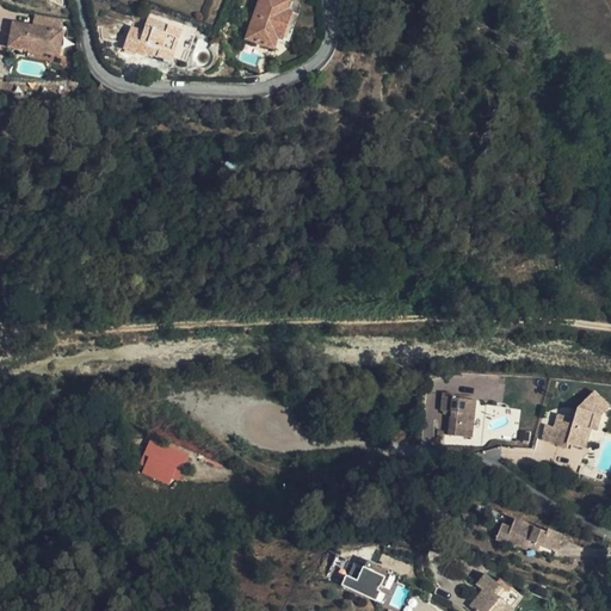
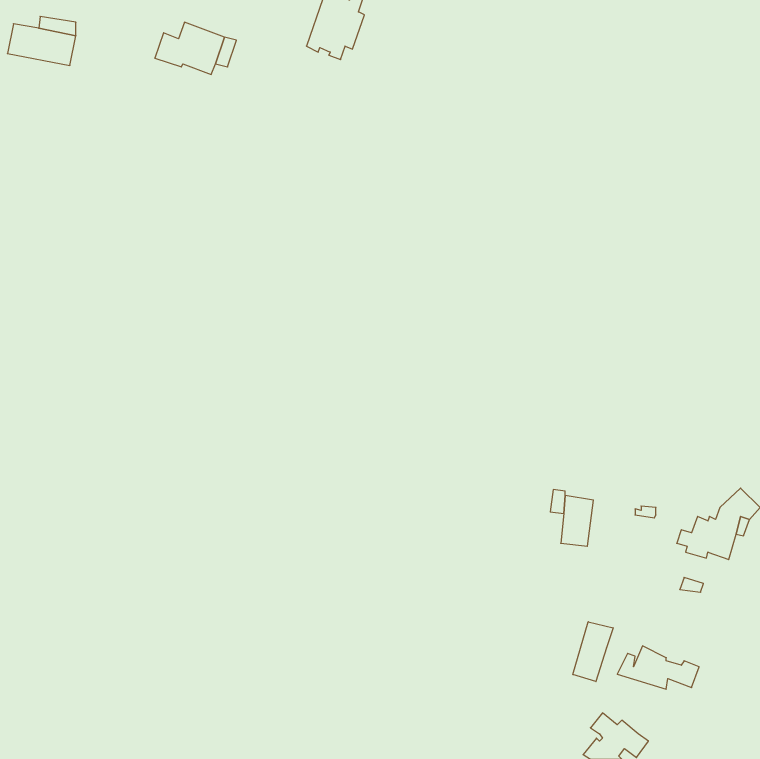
building: [142,440,187,480] -> none
building: none -> [573,622,613,682]
building: [341,568,384,601] -> none

